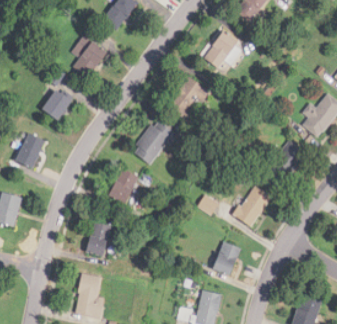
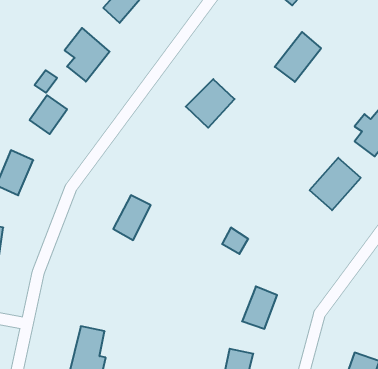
building: [203,29,240,69] -> [275,32,321,82]
building: [132,118,173,163] -> none
building: [234,185,272,228] -> none
building: [85,221,111,256] -> none

